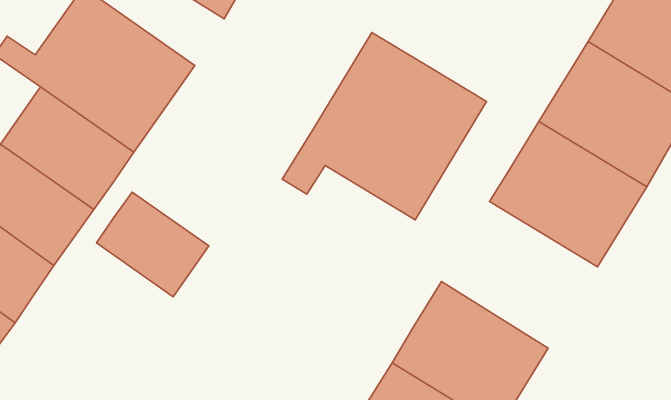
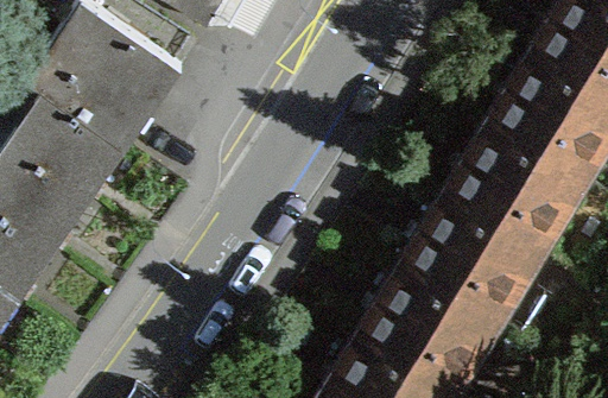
building: [282,32,487,220] -> none
building: [96,192,209,297] -> none
building: none -> [400,195,539,326]

